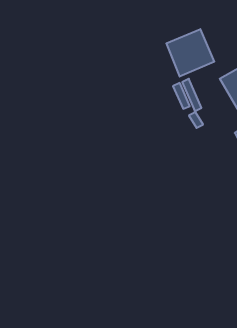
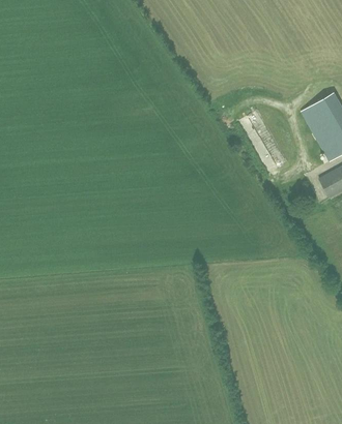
building: [166,29,214,77] -> none

